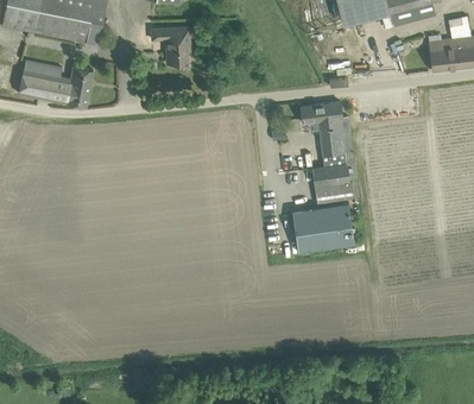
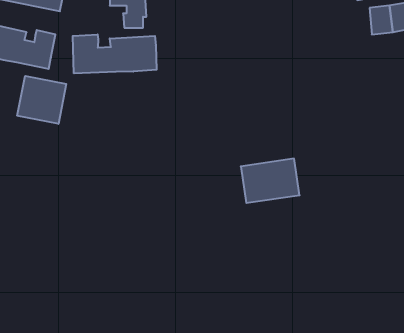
building: none -> [73,34,157,73]
building: [299,101,356,202] -> none
building: none -> [17,76,66,124]

